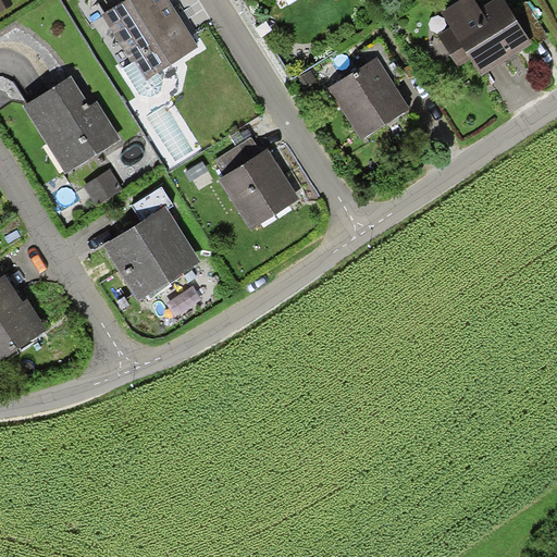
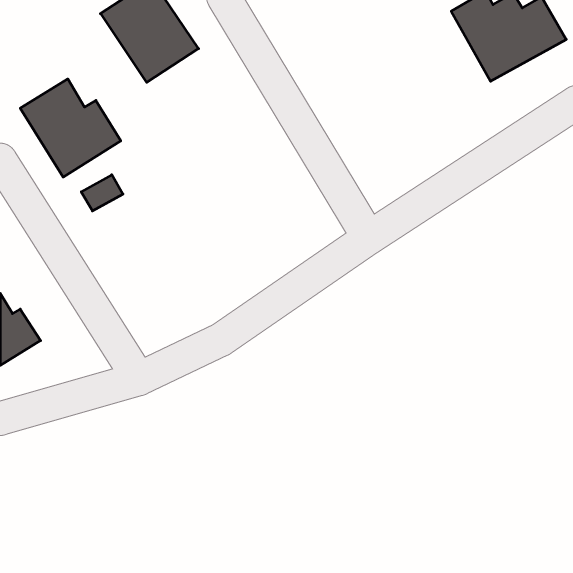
building: [329,60,405,138] -> none
building: [215,148,297,223] -> none
building: [108,210,198,299] -> none

